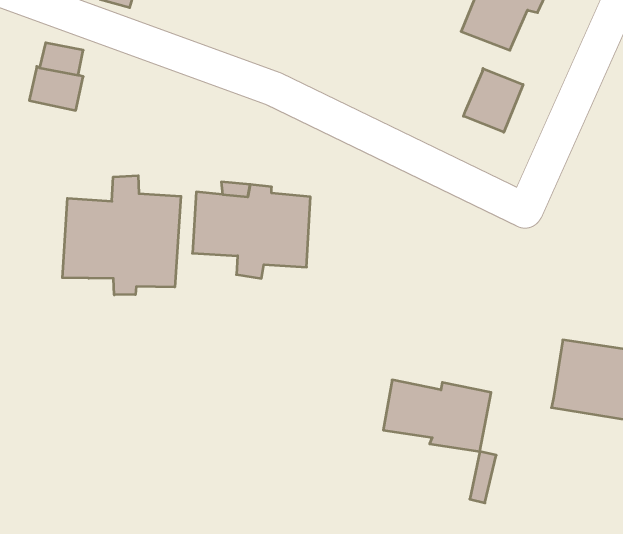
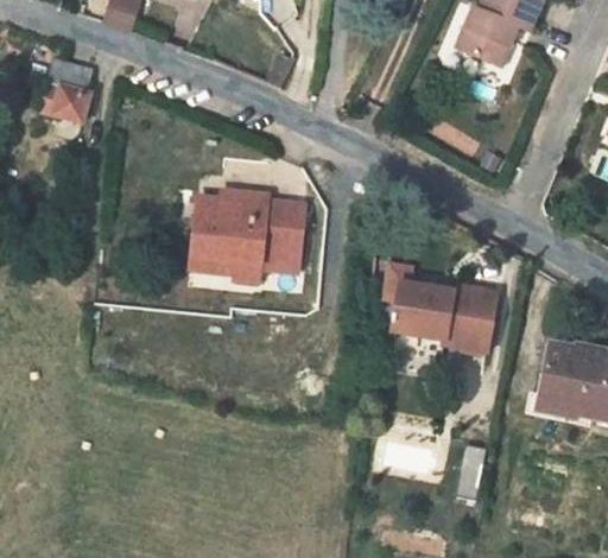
building: [463,68,523,132] -> none
building: [62,176,181,295] -> none
building: [383,380,491,451] -> [390,280,492,348]

